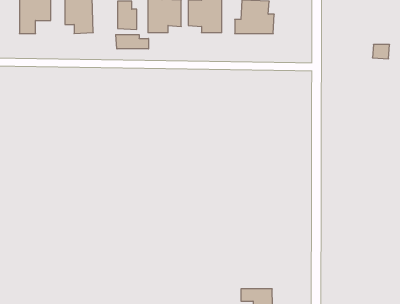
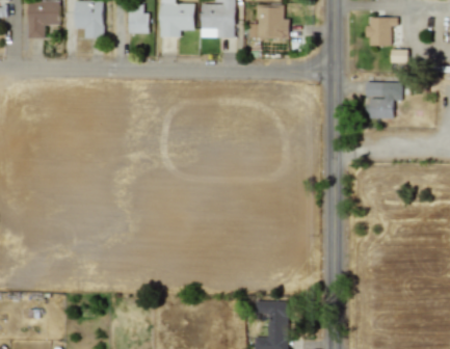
building: none -> [368,18,398,46]
building: [116,35,148,49] -> none
building: none -> [367,82,402,118]

